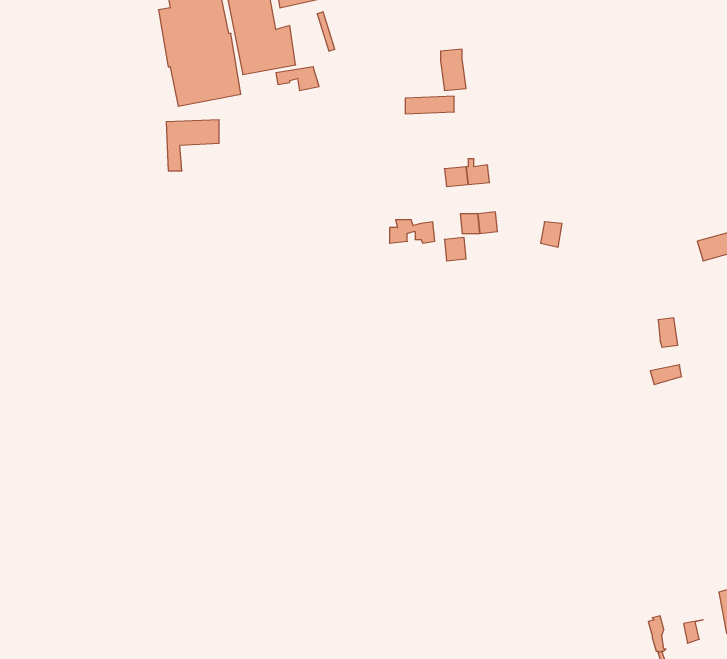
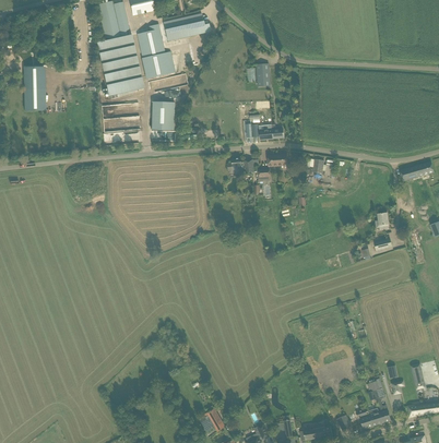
building: none -> [23,67,44,110]
building: none -> [151,101,174,130]

